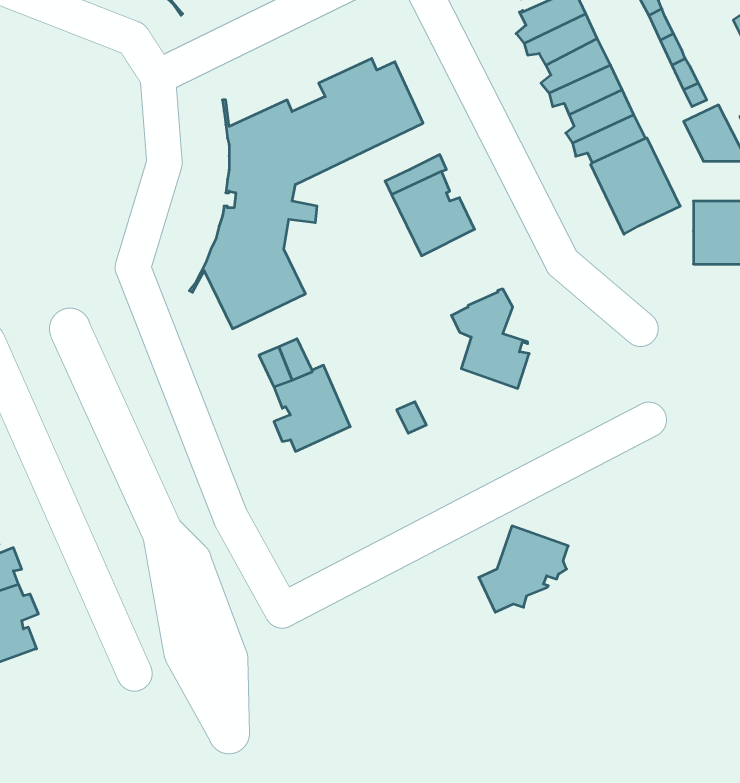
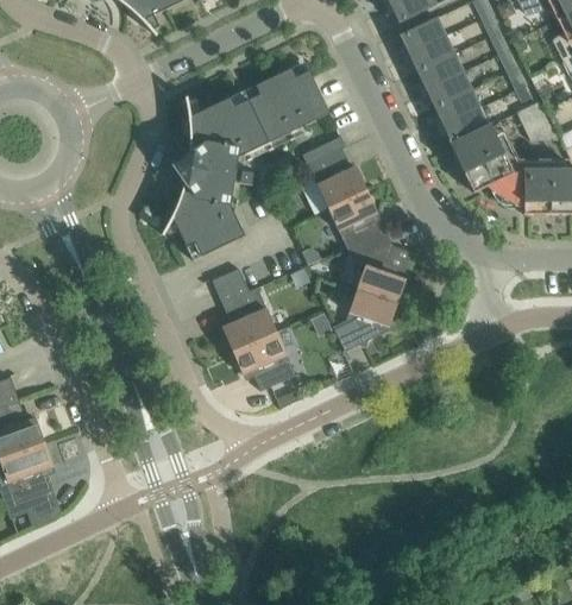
building: none -> [327,188,382,250]
building: none -> [235,329,295,389]
building: [479,526,568,612] -> [332,288,396,349]

